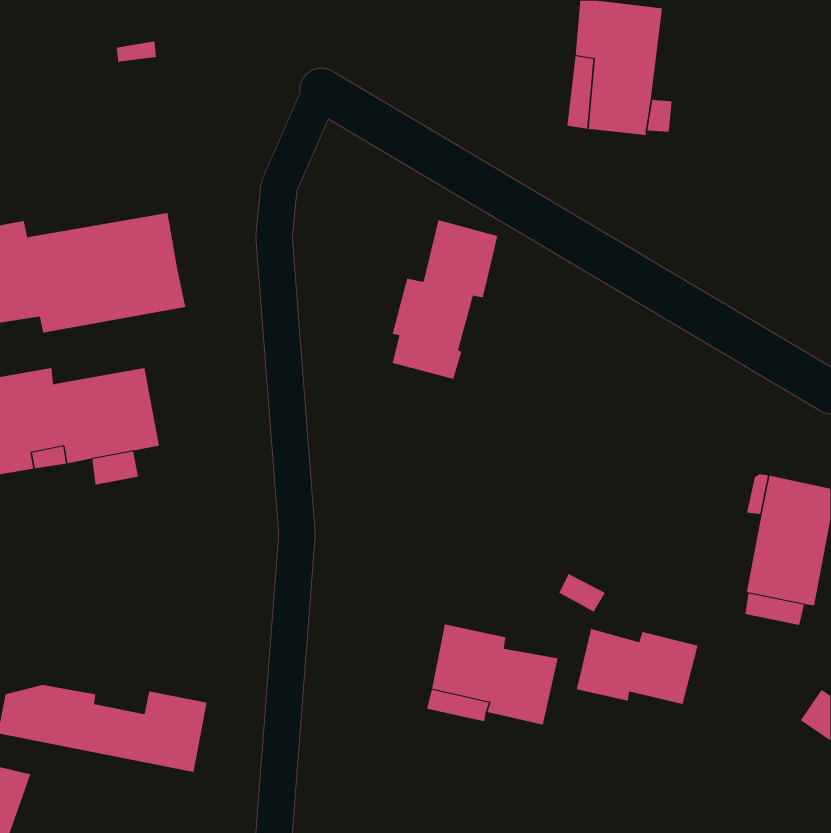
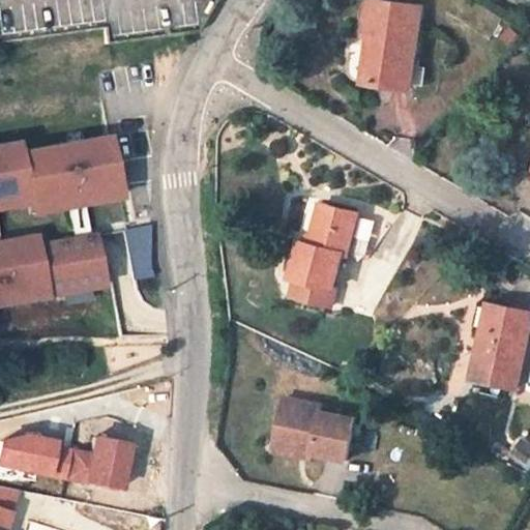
building: [392,219,498,379] -> [290,204,357,305]
building: none -> [121,224,150,278]
building: [576,628,698,705] -> none

